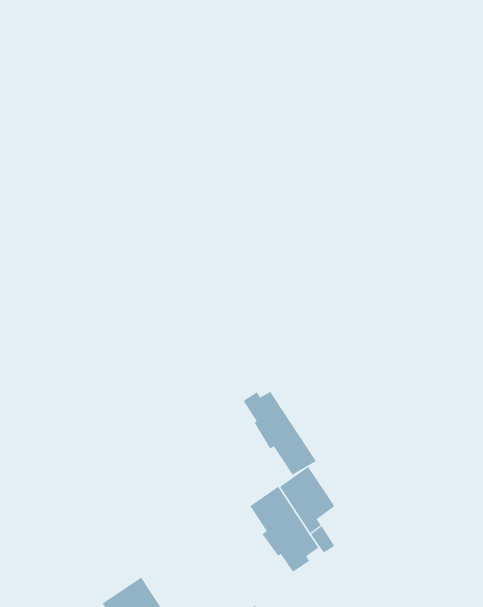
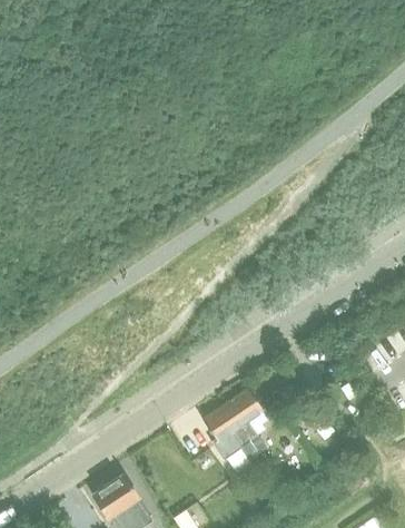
building: [243,391,317,476] -> none

